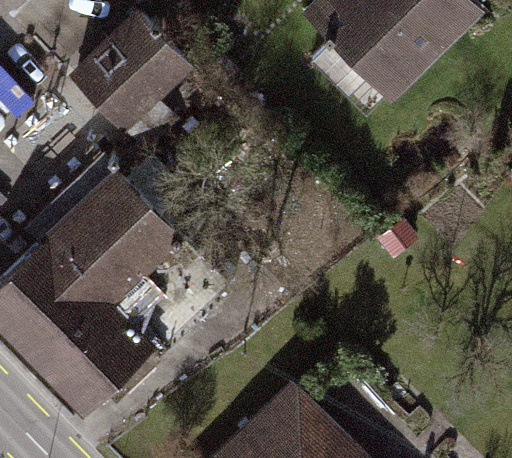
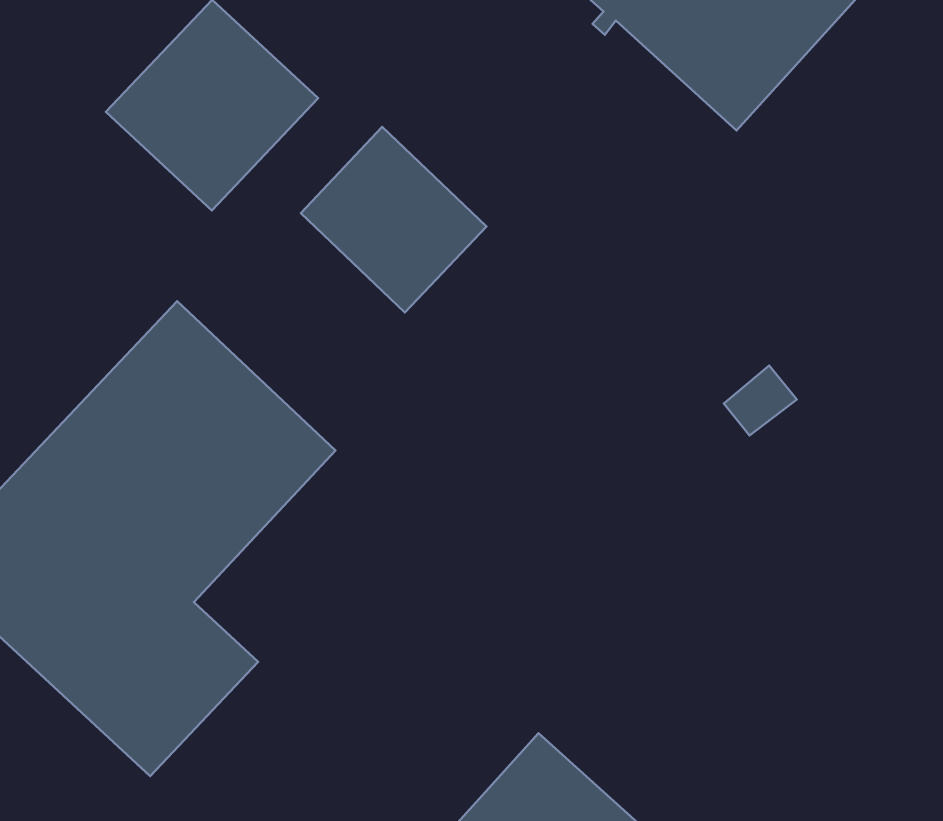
building: none -> [301,127,486,313]

